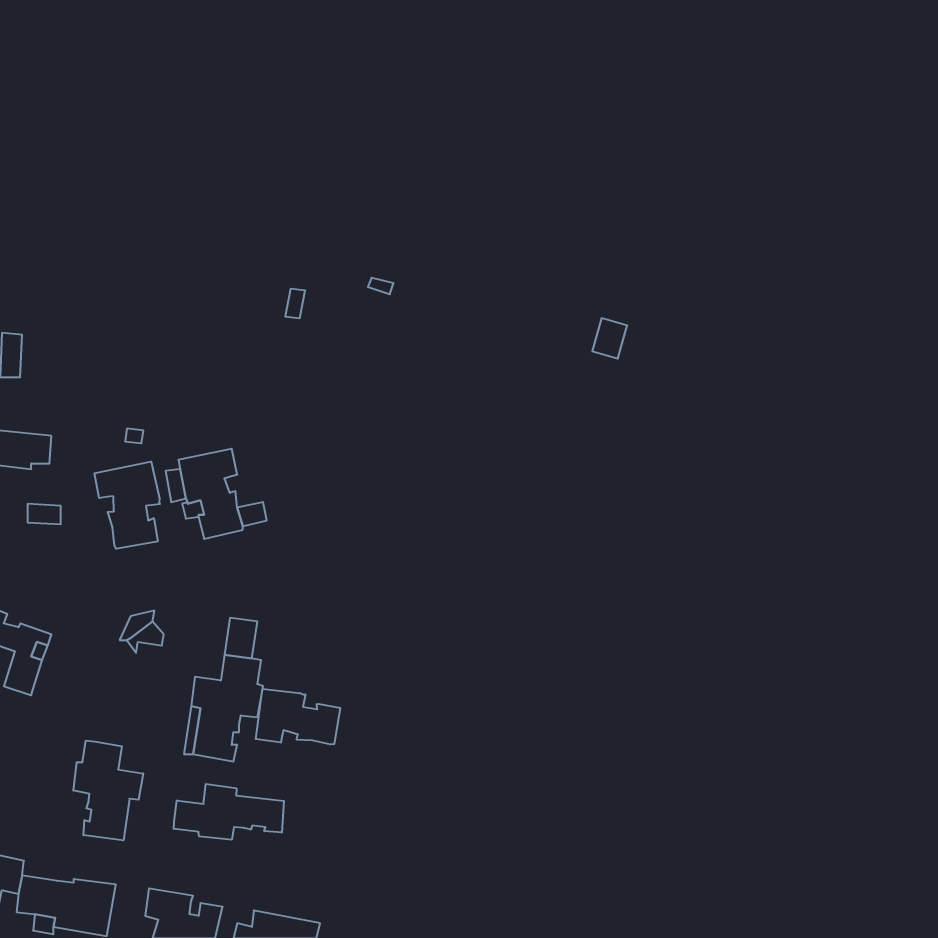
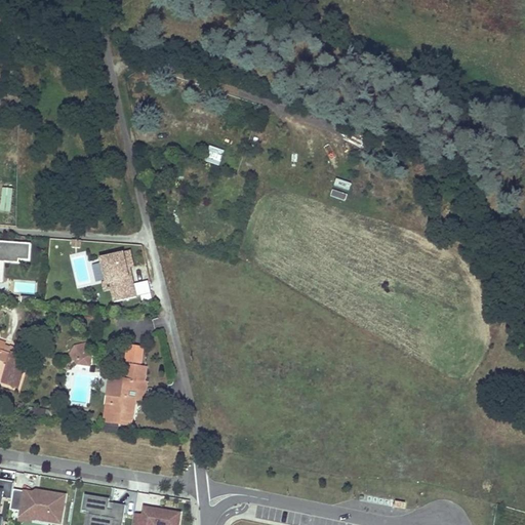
building: [94,462,160,549] -> none
building: [256,689,340,744] -> none
building: [73,741,143,840] -> none
building: [174,784,284,840] -> none

